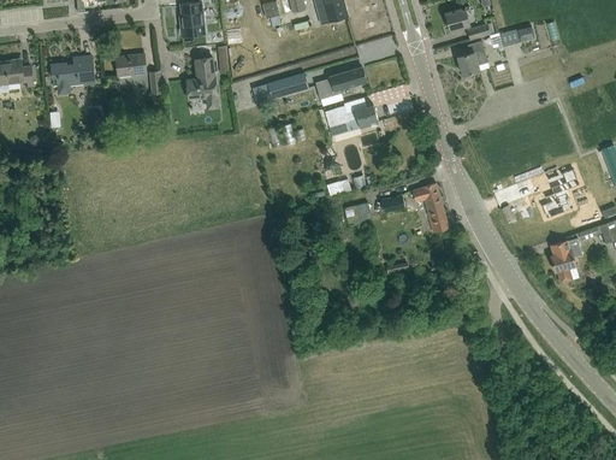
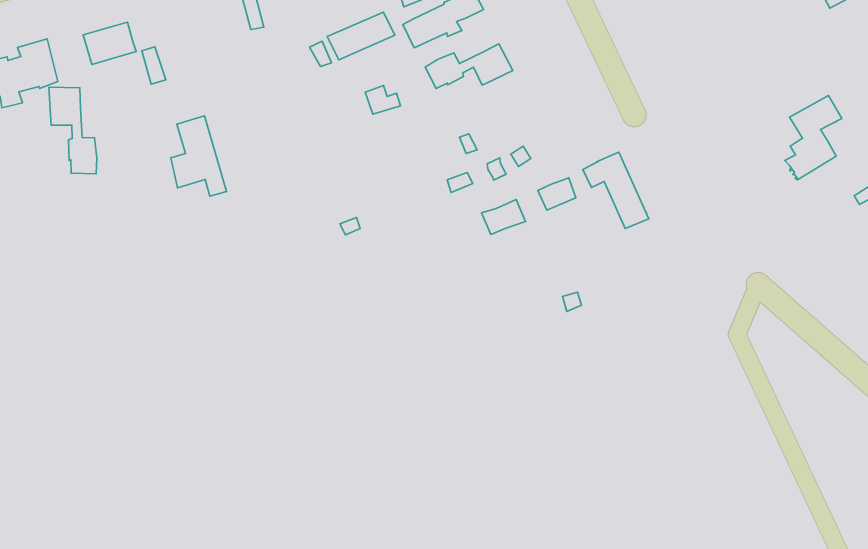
building: [186,57,218,107] -> [171,116,226,196]
building: none -> [49,87,97,174]
building: [550,240,575,282] -> none

